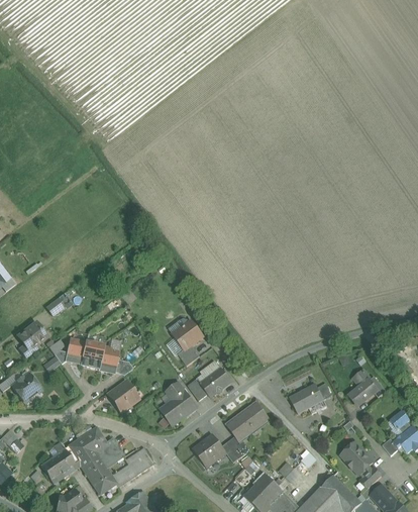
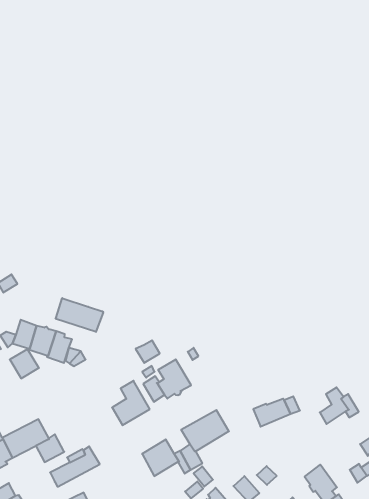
building: none -> [56,298,103,332]
building: [172,320,202,349] -> none
building: [109,382,136,409] -> [10,349,39,378]
building: [79,450,115,493] -> none

